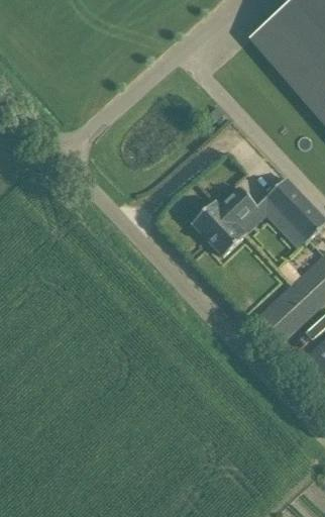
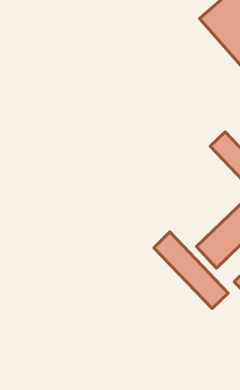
building: [191,189,256,258] -> none
building: none -> [154,232,228,308]

